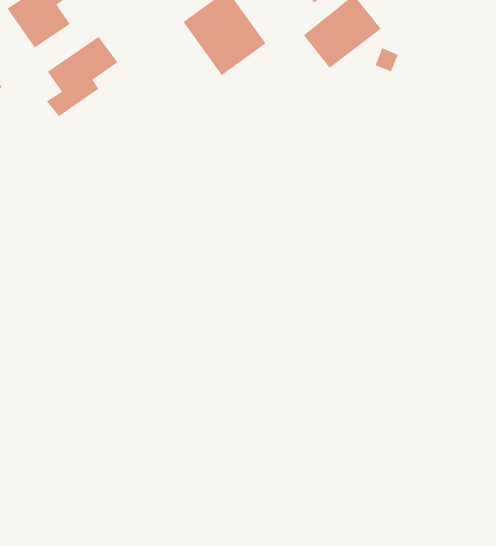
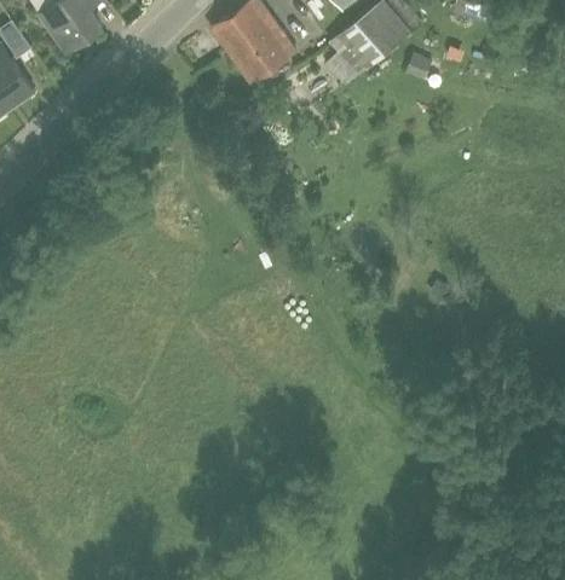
building: [46,36,118,117] -> none

